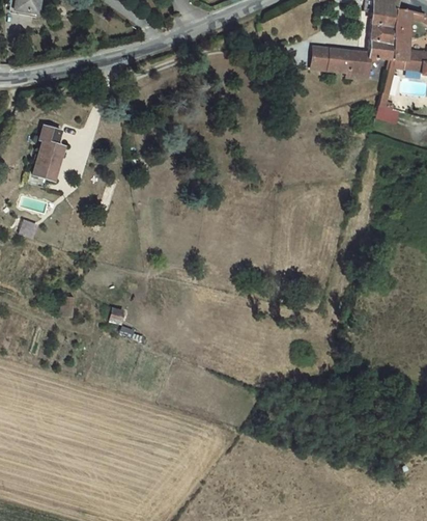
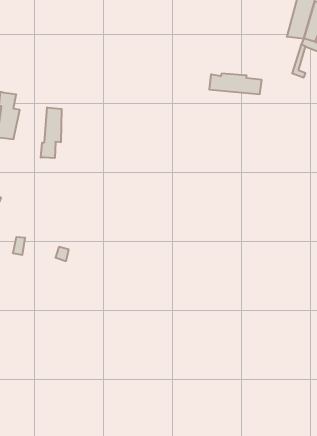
building: [311,45,372,68] -> [209,74,262,94]
building: none -> [41,107,62,158]

